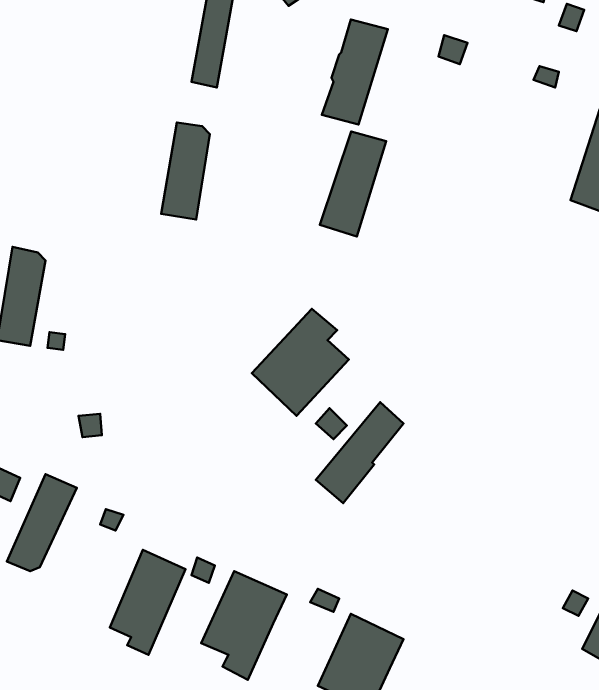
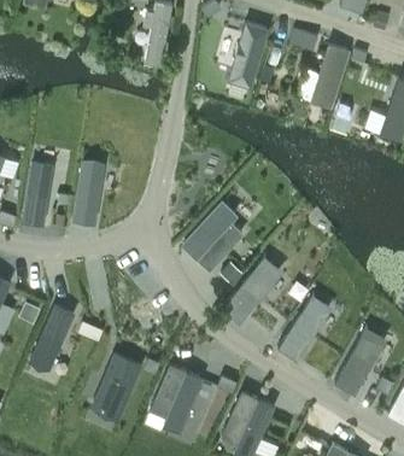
building: [161,122,210,220] -> [76,164,106,224]
building: [320,132,386,236] -> [309,45,350,110]
building: none -> [277,296,328,359]
building: none -> [334,328,381,393]

